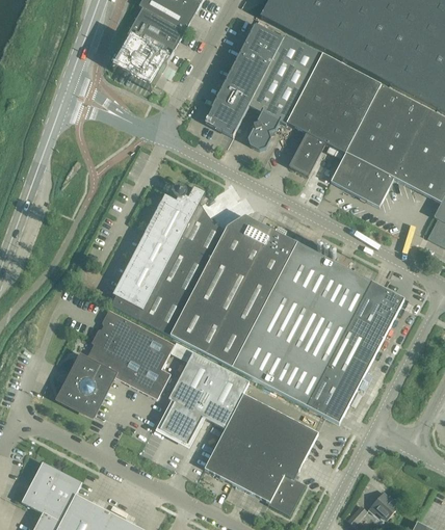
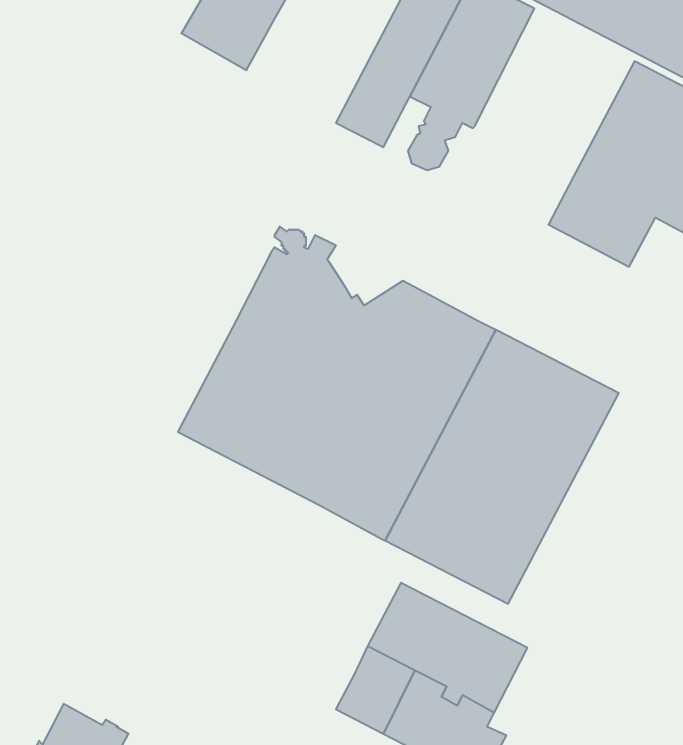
building: [287,53,382,175] -> none
building: [307,281,404,422] -> none
building: [59,309,175,416] -> none
building: [160,351,250,443] -> none

